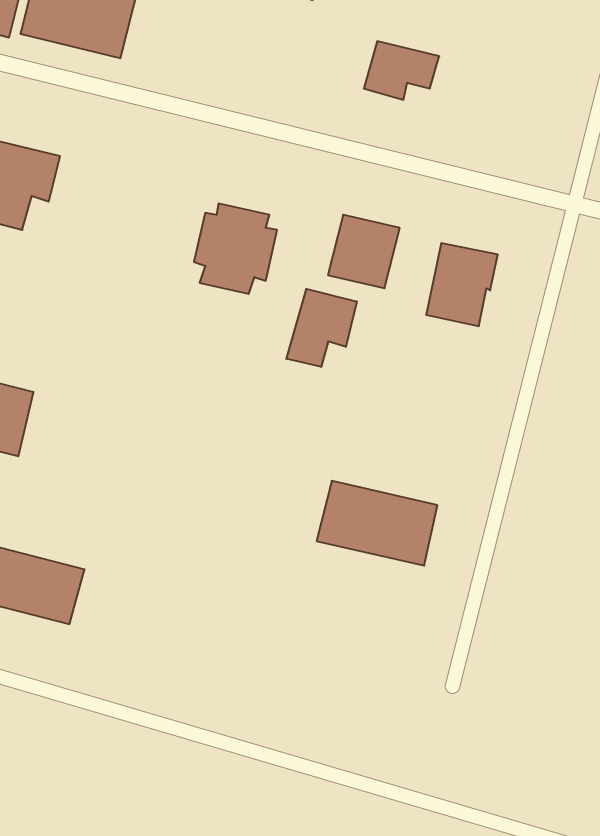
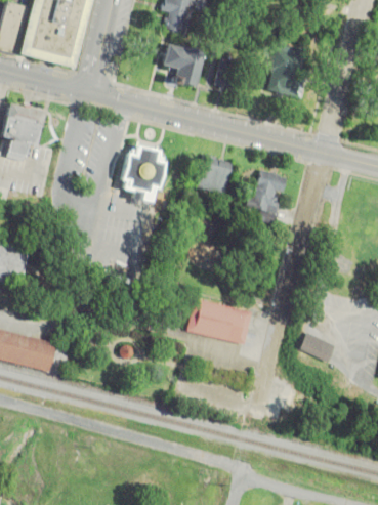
building: none -> [158,42,205,86]
building: none -> [264,44,307,97]
building: [286,289,357,367] -> none
building: none -> [296,330,332,361]

